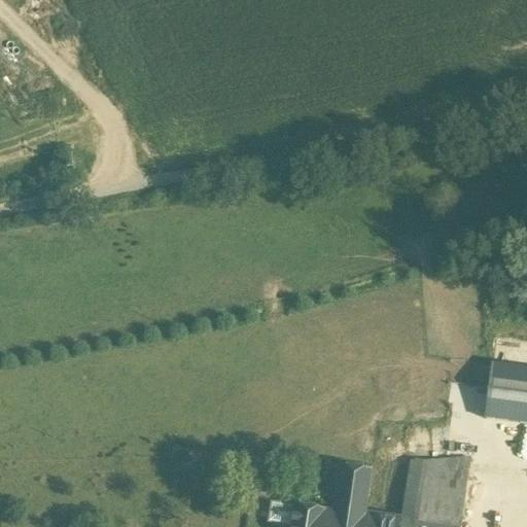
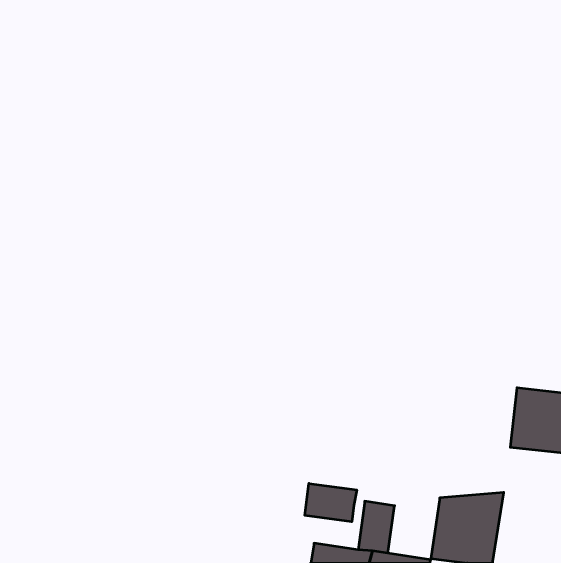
building: none -> [305,483,357,522]

